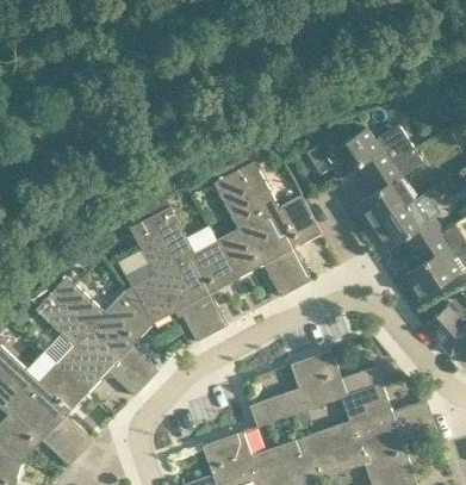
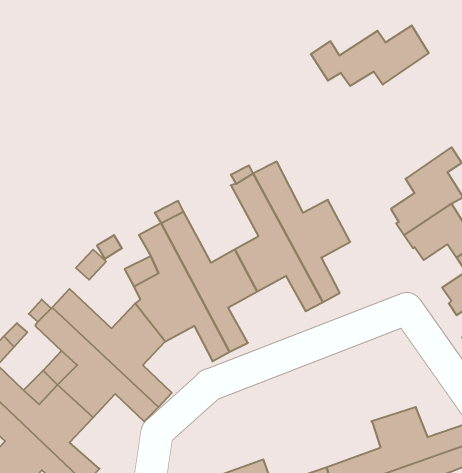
building: [306,123,414,178] -> [311,25,429,86]
building: [249,350,381,428] -> none

